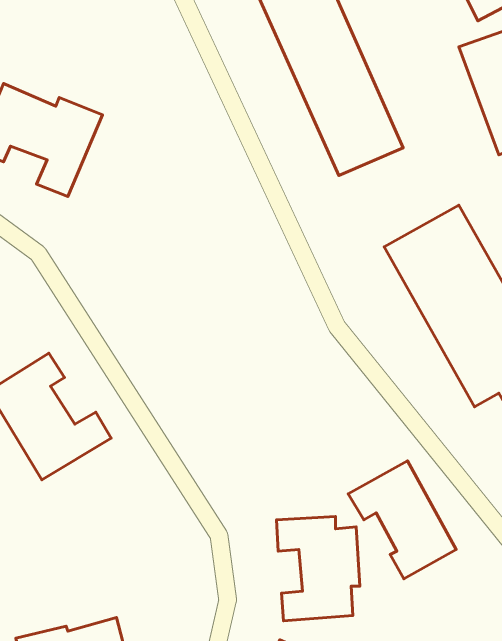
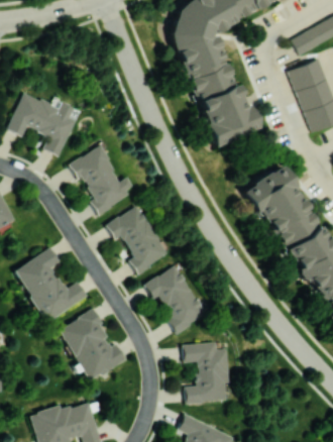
building: none -> [71,145,136,214]
building: none -> [106,205,170,274]
building: [348,461,456,579] -> [143,265,206,334]
building: none -> [59,311,125,381]

